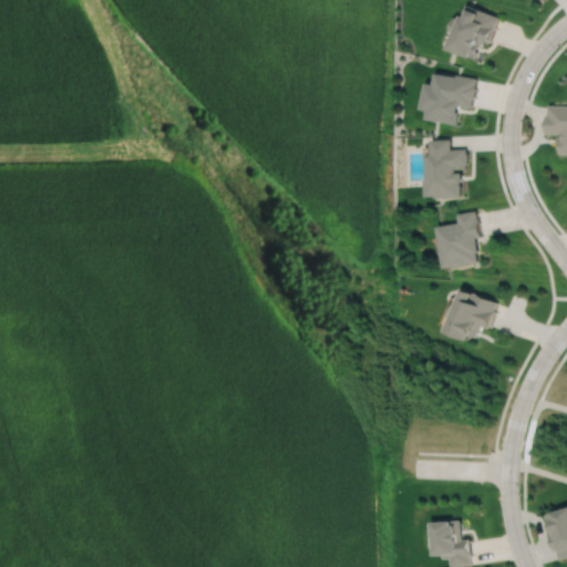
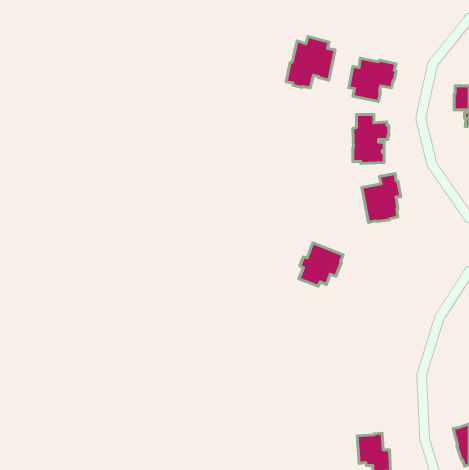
building: [452,9,501,63] -> none
building: none -> [286,37,335,88]
building: [443,289,496,341] -> [299,243,343,286]

